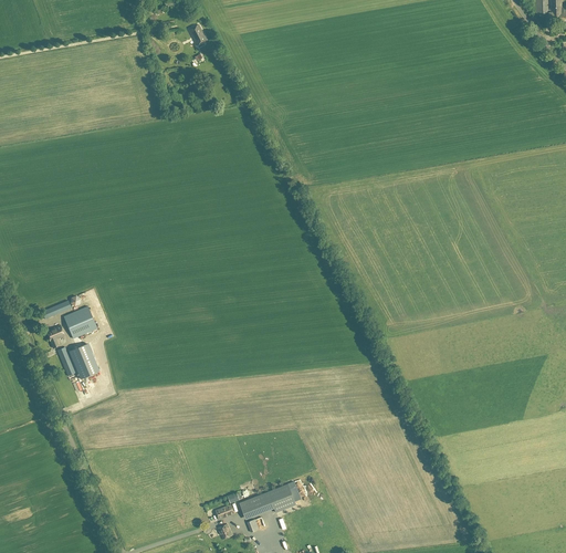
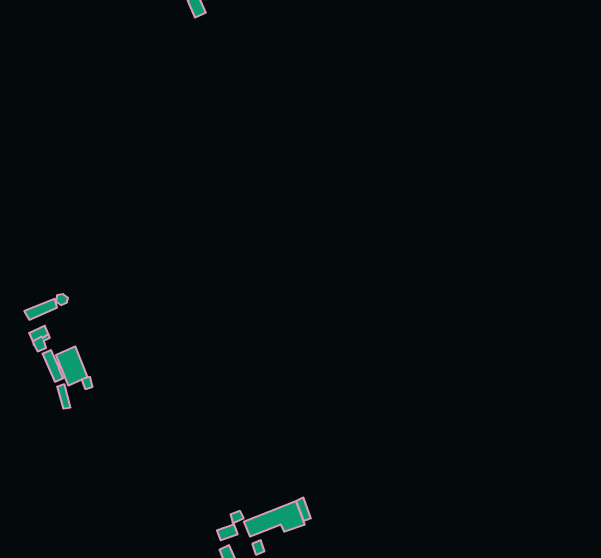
building: [64,305,98,337] -> none

